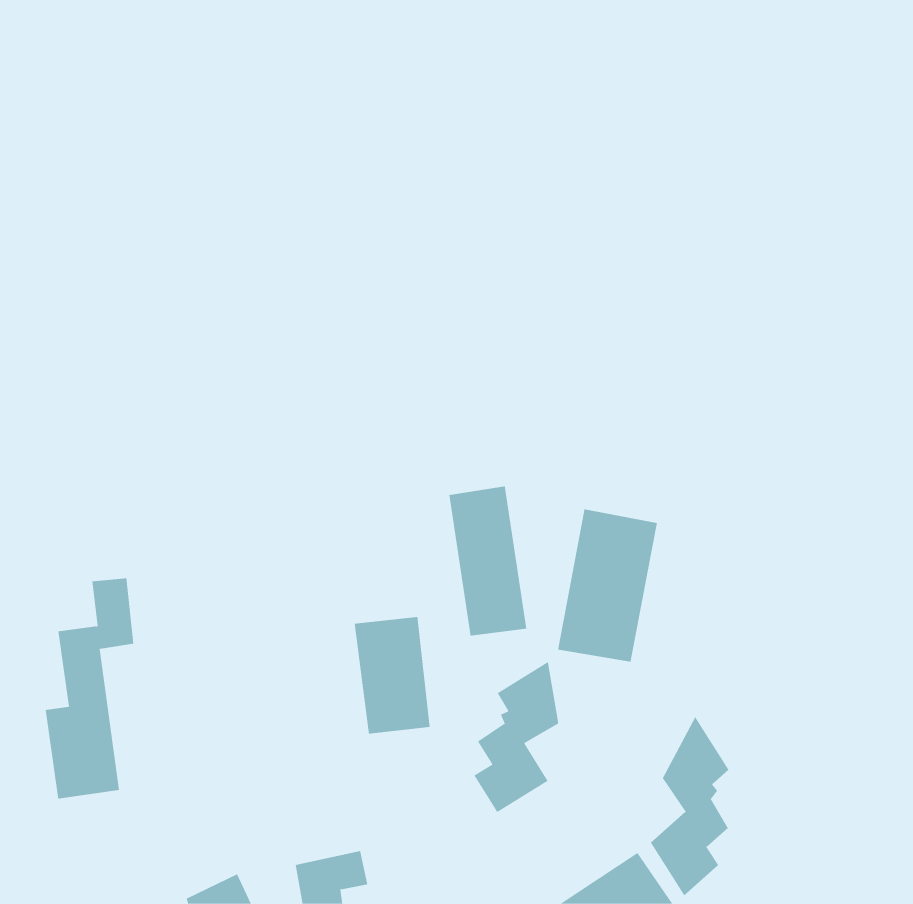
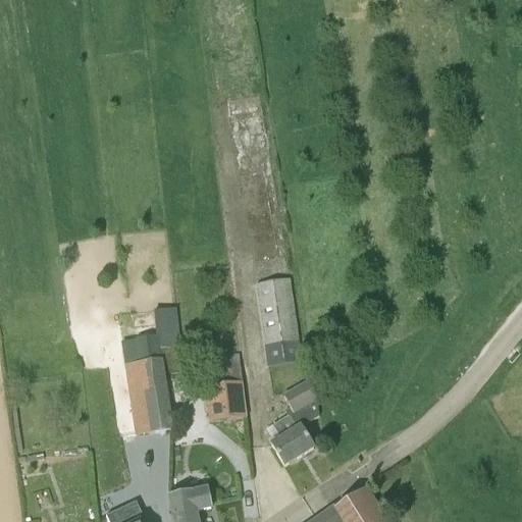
building: [558,509,657,663] -> none
building: [45,578,134,799] -> [128,306,179,432]
building: [650,716,729,896] -> none

